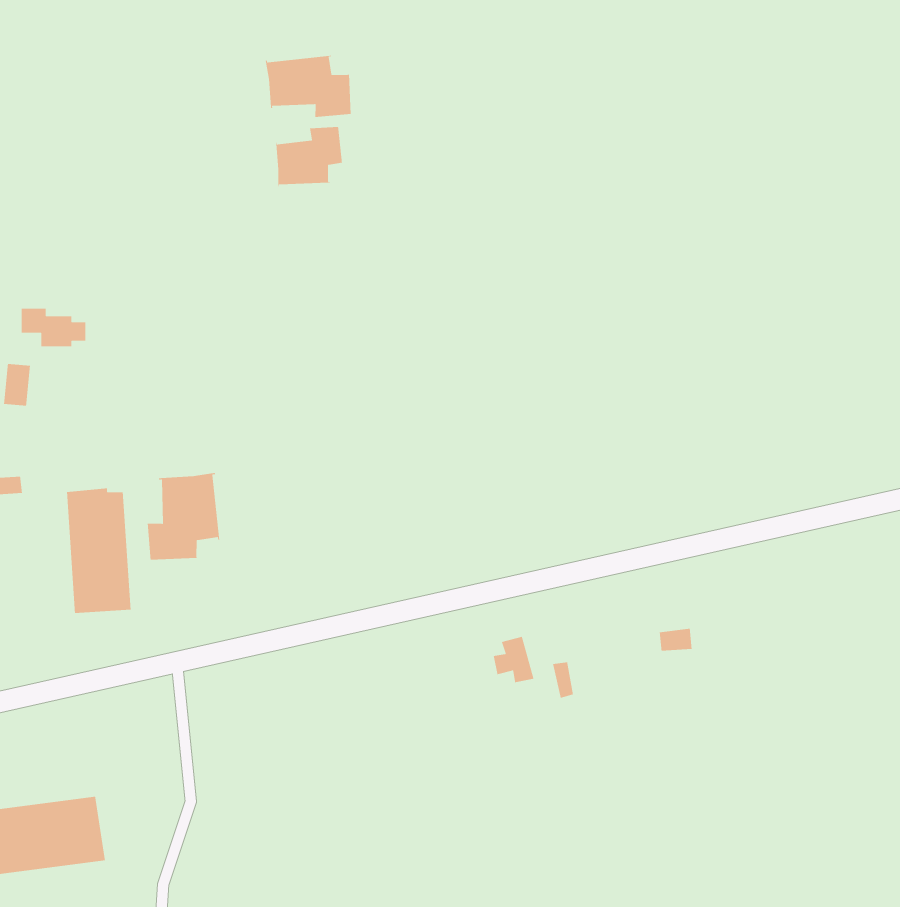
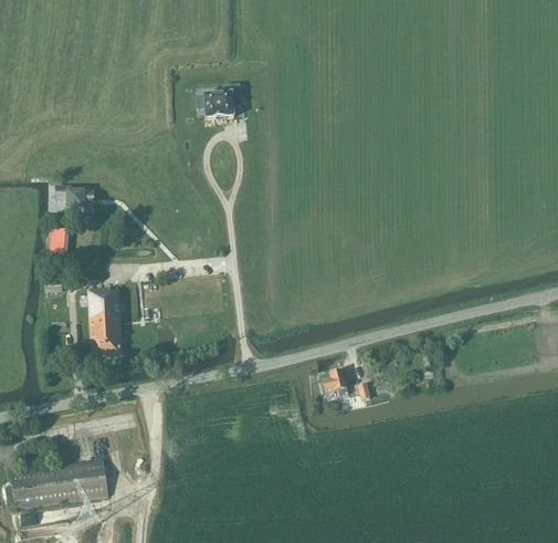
building: [265,55,352,118] -> none
building: [147,472,220,560] -> none

